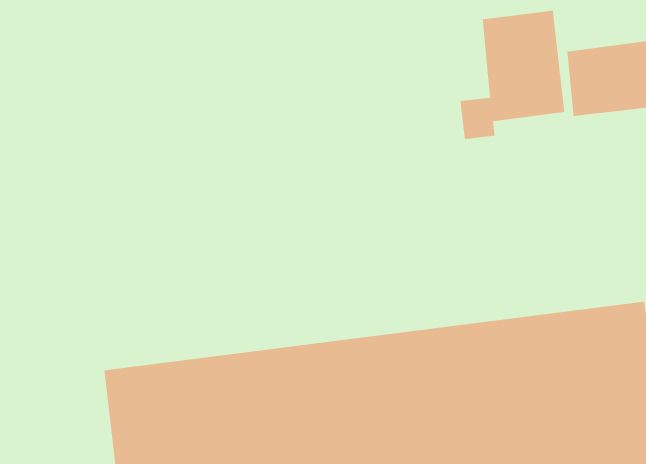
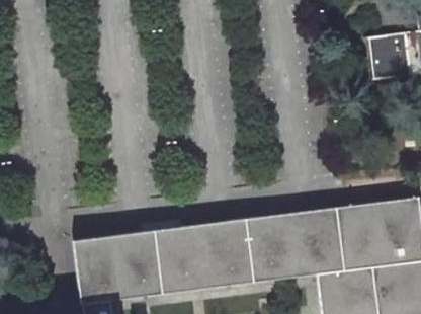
building: [459,10,565,140] -> none

